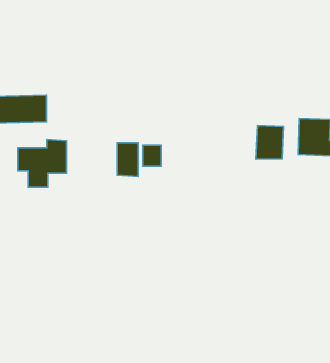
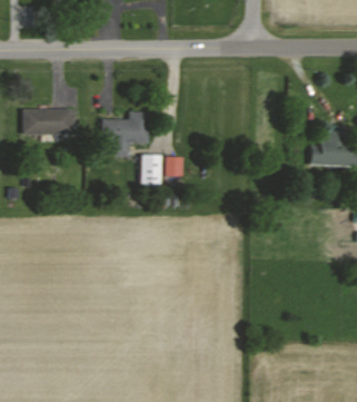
building: [256,125,283,159] -> none
building: [18,140,67,187] -> [101,110,148,156]

